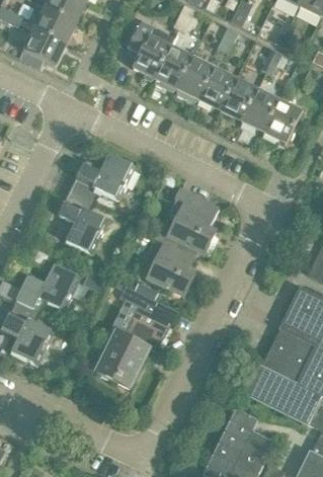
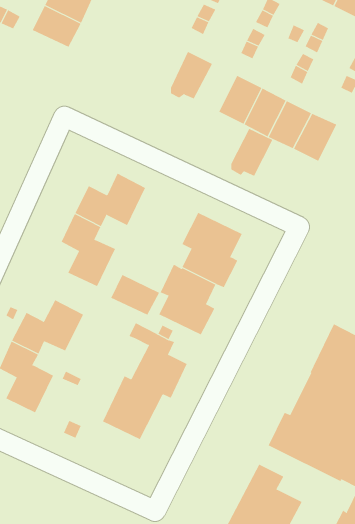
building: [127,20,174,78] -> none
building: [19,27,66,67] -> none
building: [176,57,214,99] -> [230,128,273,176]
building: none -> [110,274,160,316]

